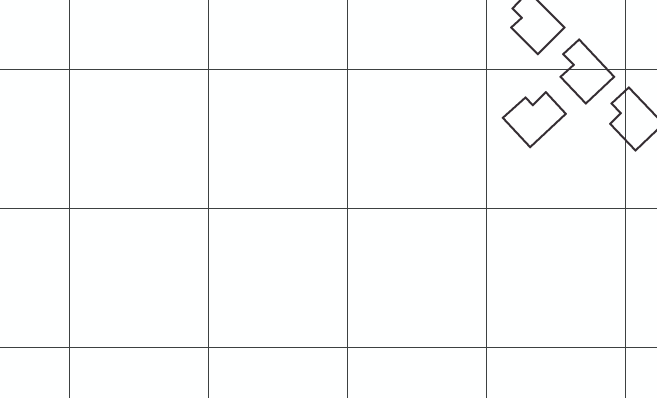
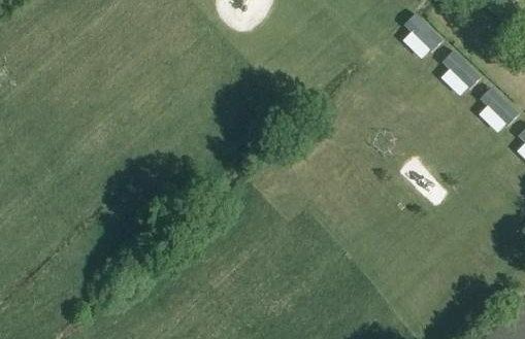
building: [503,92,566,147] -> none

